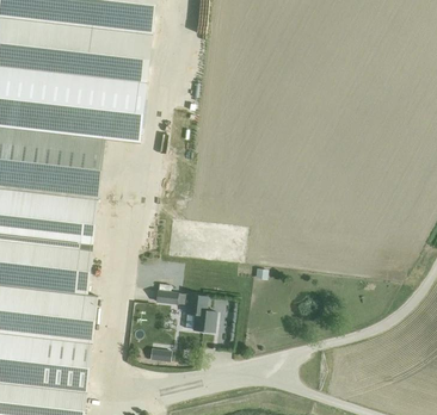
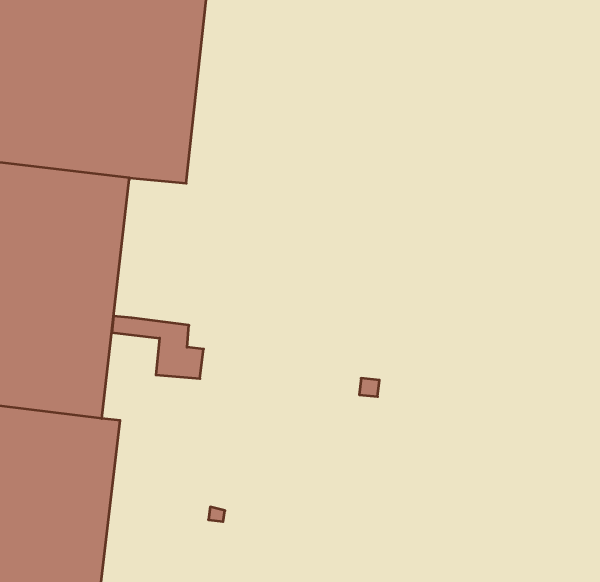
building: [155,290,215,330] -> [112,316,204,379]

